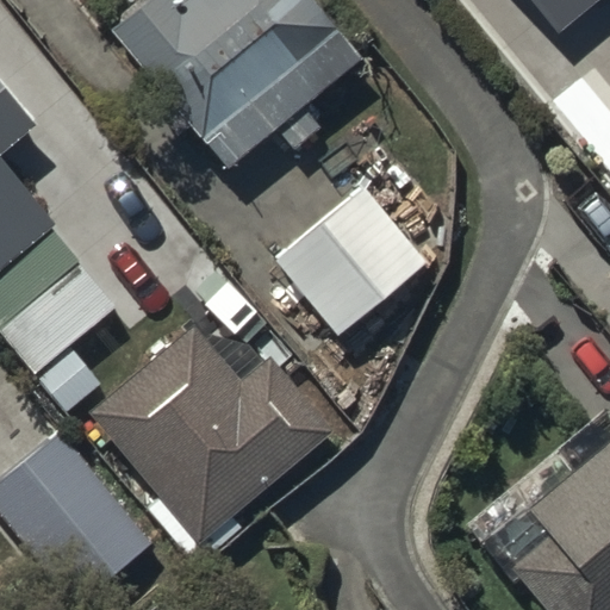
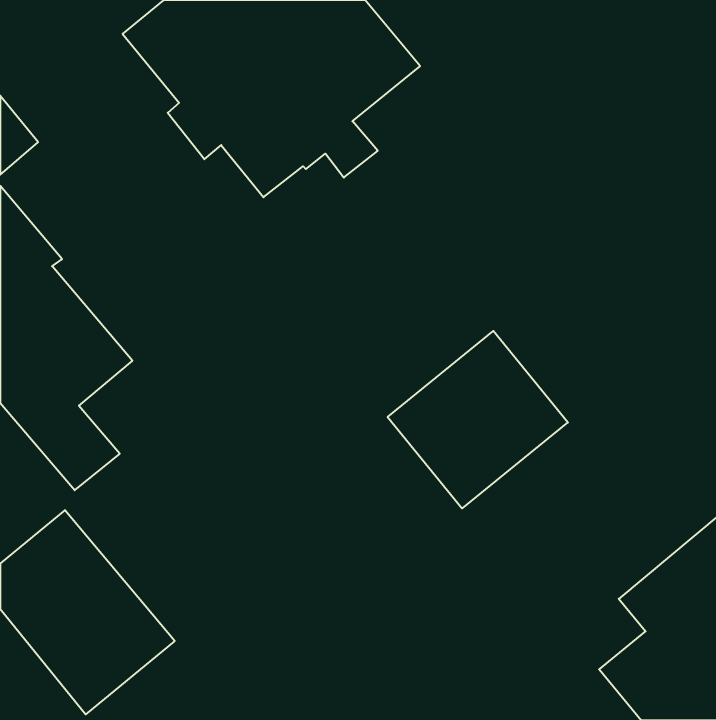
building: [274,185,427,335] -> [388,331,568,508]
building: [87,320,331,543] -> none

